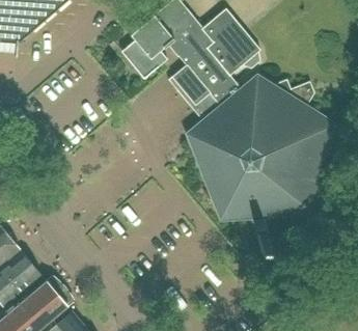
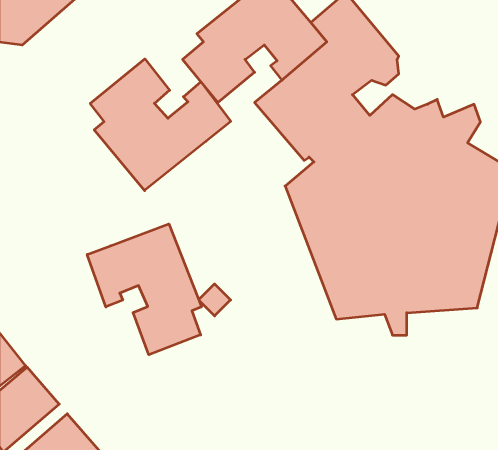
building: none -> [90,59,231,191]
building: none -> [87,224,201,355]

